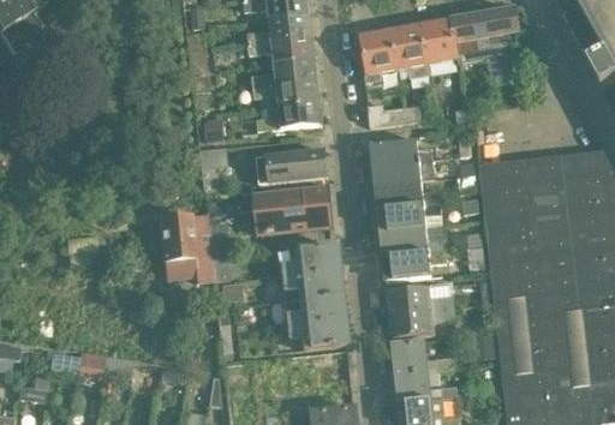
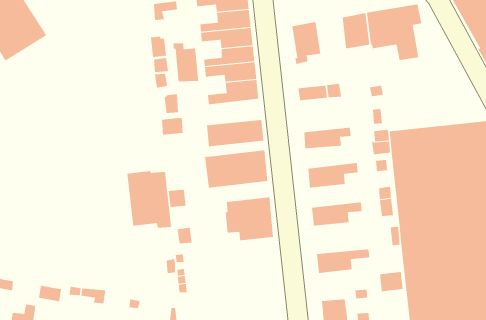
building: [390,24,430,77] -> none
building: none -> [173,43,199,82]
building: [372,138,432,164] -> none
building: [376,181,441,209] -> none
building: [382,228,446,257] -> none
building: [388,281,455,313] -> none
building: [285,293,345,348] -> none
building: [393,340,426,371] -> none

